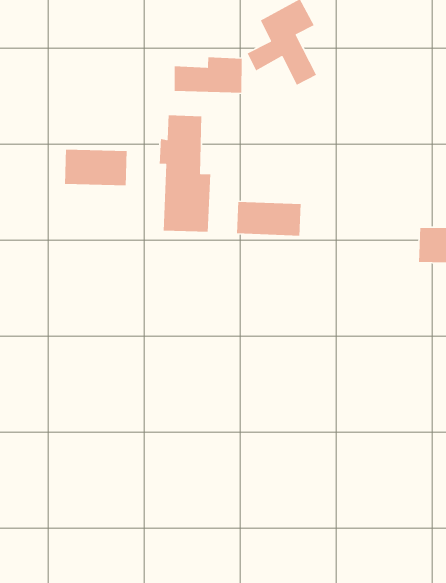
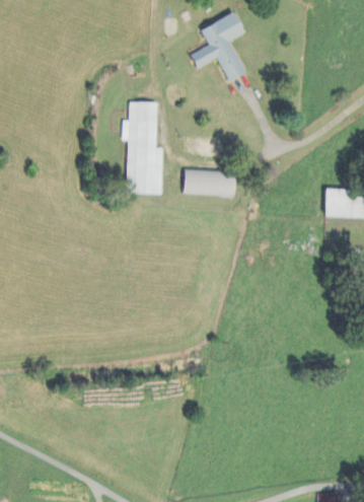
building: [174,57,243,94] -> none
building: [64,149,128,186] -> none

